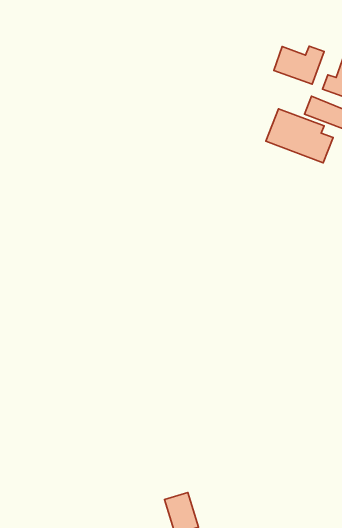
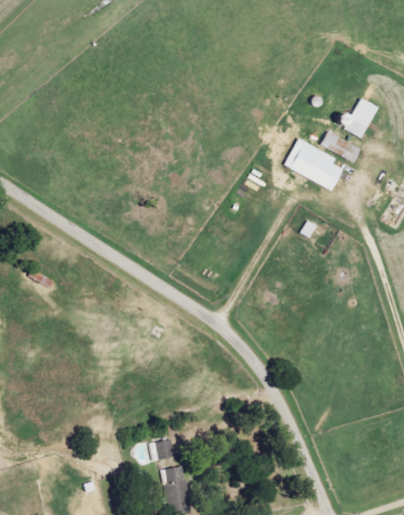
building: [274,46,324,84] -> none
building: none -> [150,440,174,461]

